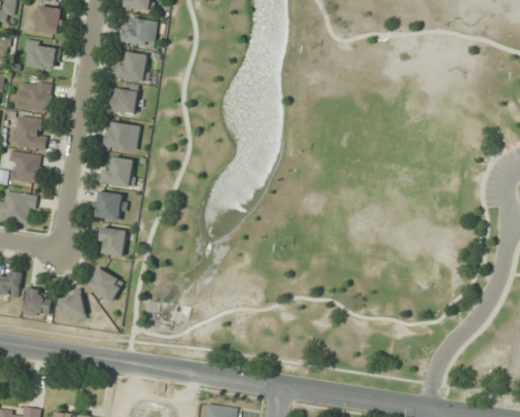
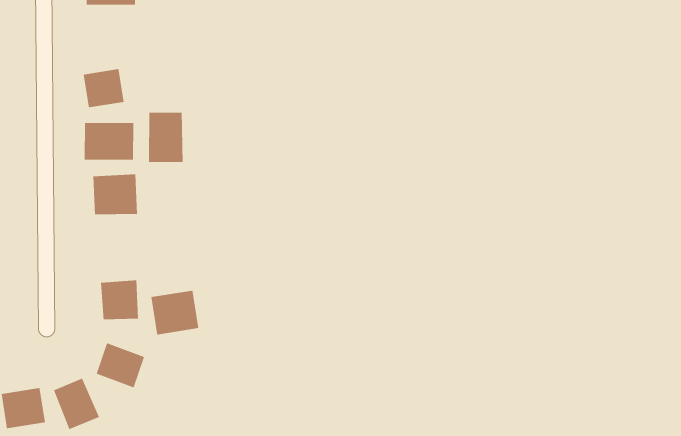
building: [115,53,149,81] -> none
building: none -> [149,112,183,163]
building: [96,193,125,218] -> [151,290,199,335]

